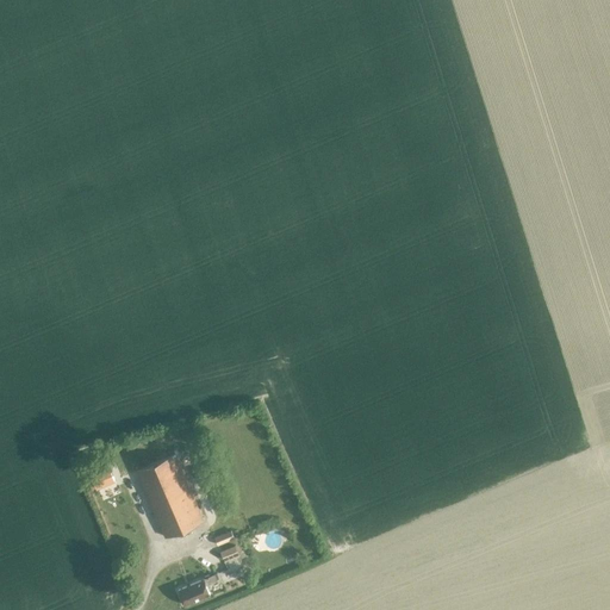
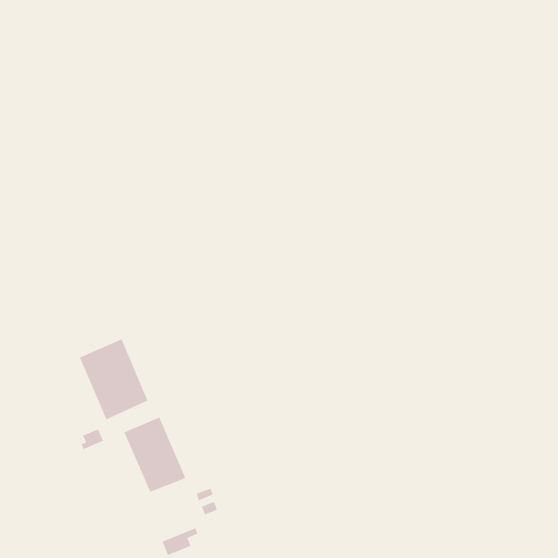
building: none -> [79,339,148,420]

